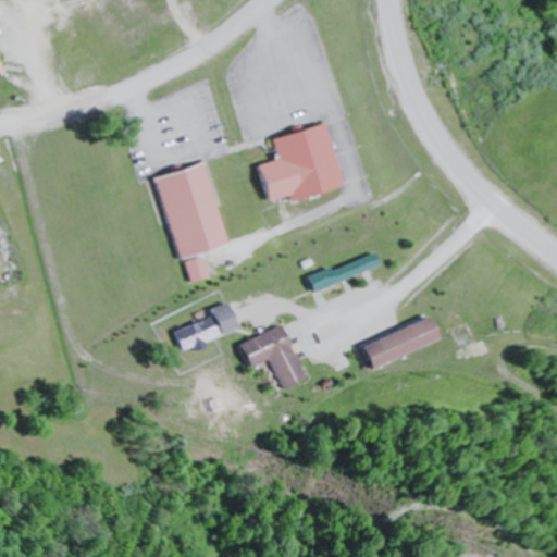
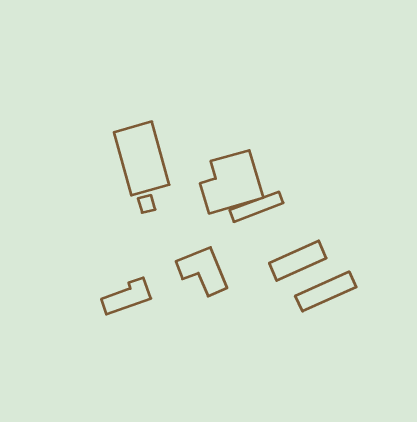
building: [257,123,341,206] -> [200,150,263,213]
building: [175,304,240,351] -> [101,278,151,314]
building: none -> [295,272,356,311]

